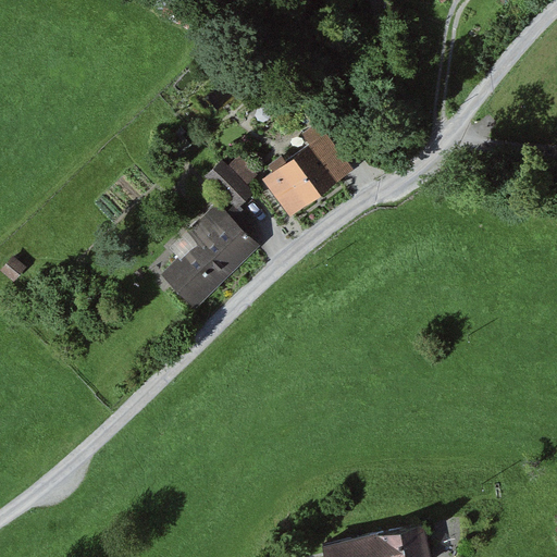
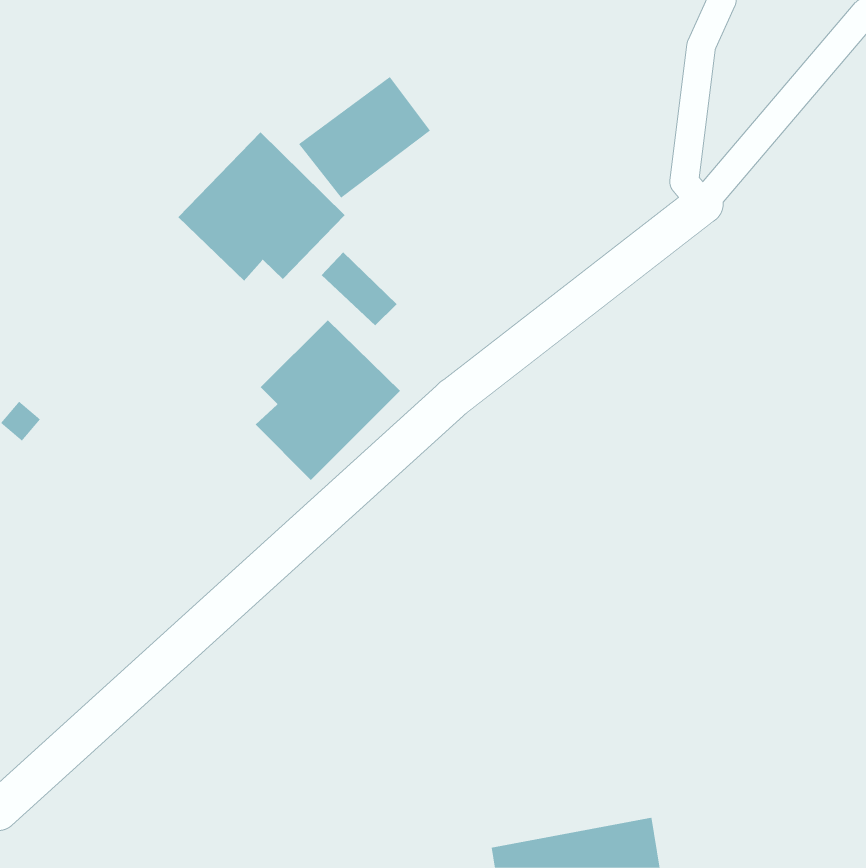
building: none -> [178,131,345,282]
building: [267,137,351,215] -> [298,76,431,199]

